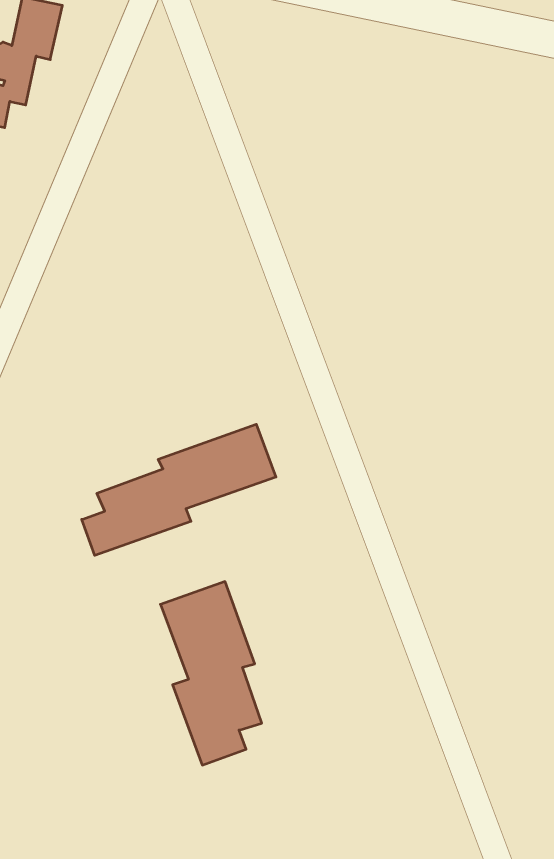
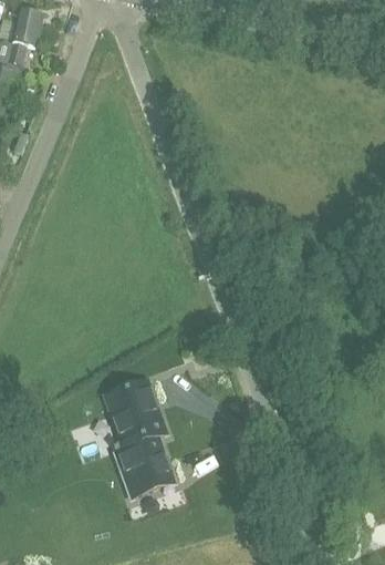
building: [82,424,276,555] -> none

